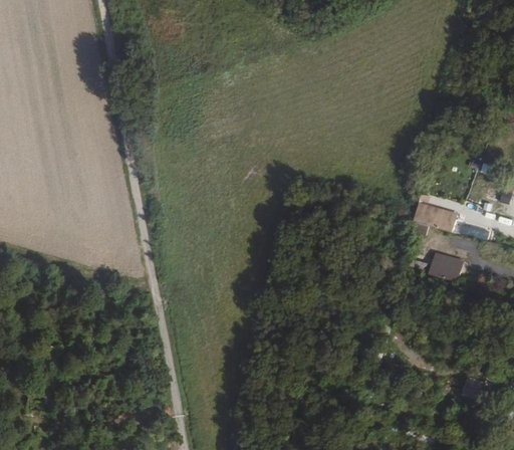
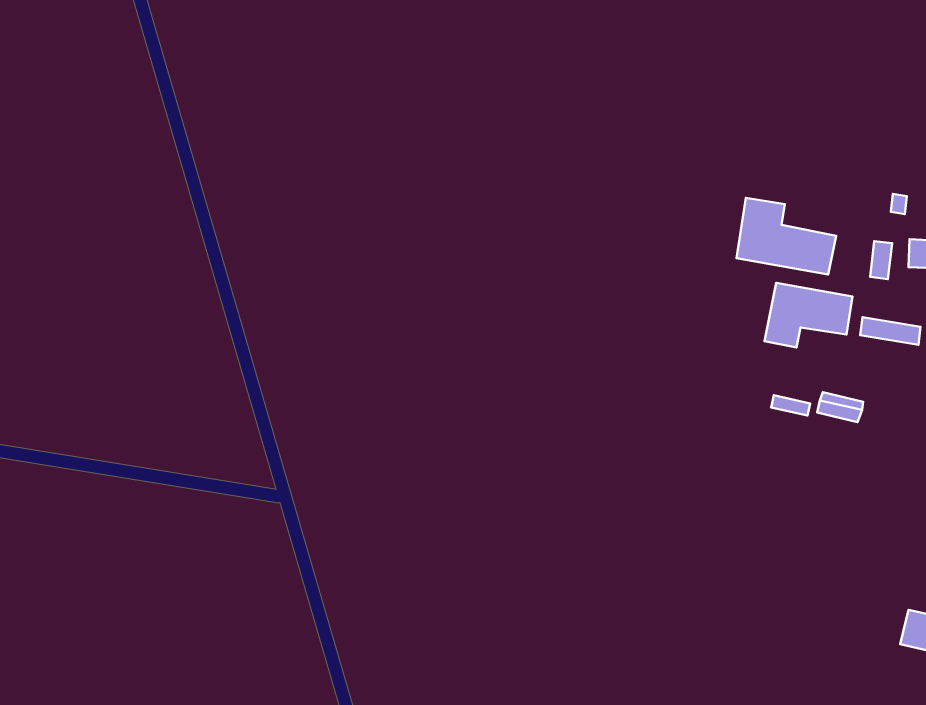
building: none -> [736,198,836,275]

